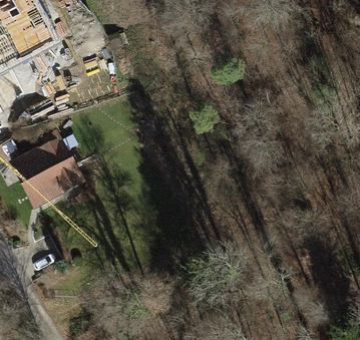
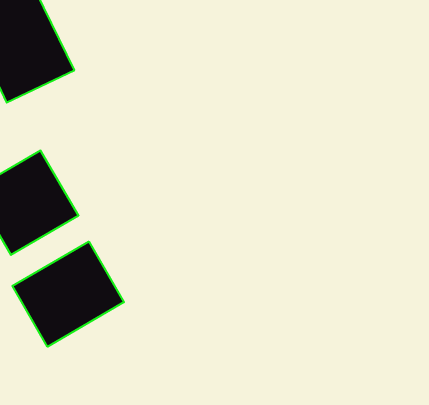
building: none -> [12,242,124,347]

